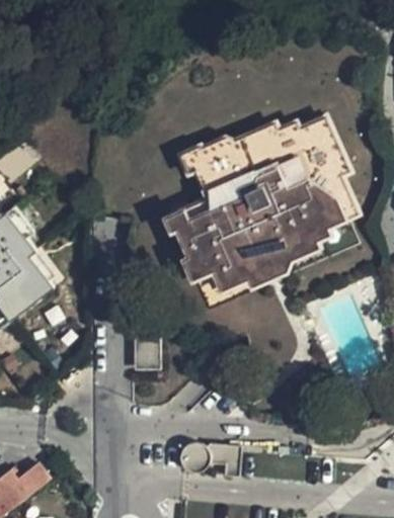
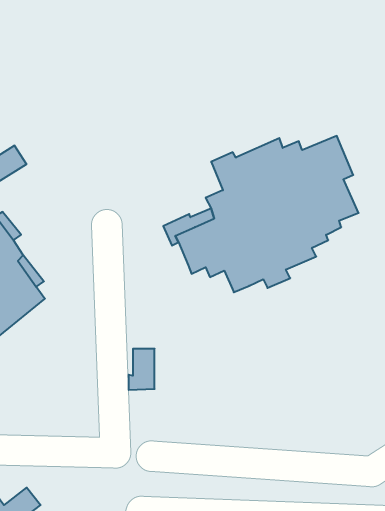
building: [181,117,361,295] -> none
building: [178,440,235,469] -> none

